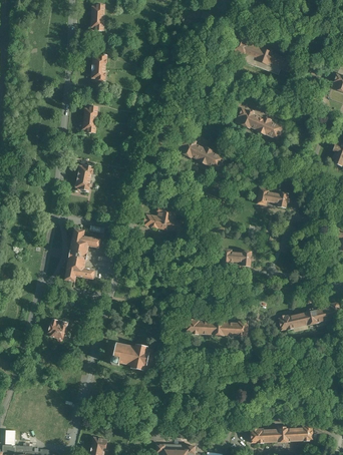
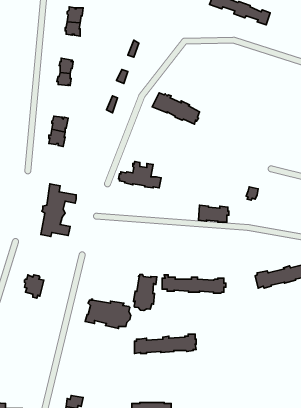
building: [236,109,283,139] -> none
building: [258,188,290,207] -> none
building: none -> [133,275,157,310]
building: [251,425,312,444] -> [134,334,196,353]

